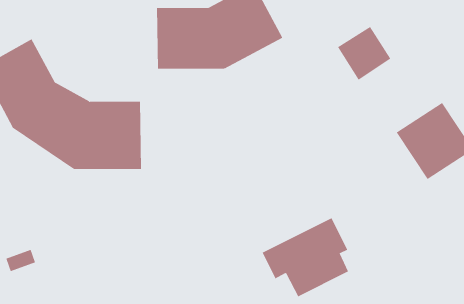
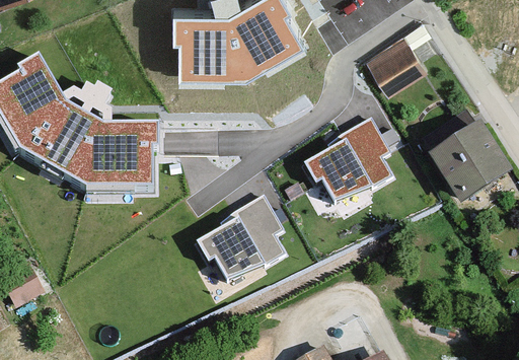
building: none -> [301,121,389,203]
building: [262,218,349,297] -> [191,196,284,281]

